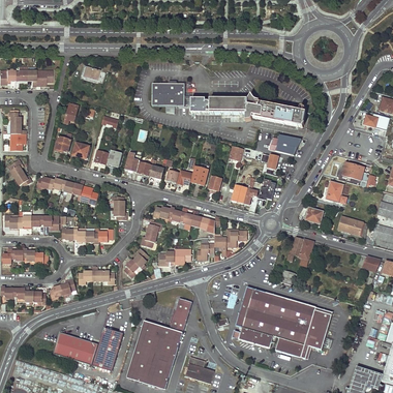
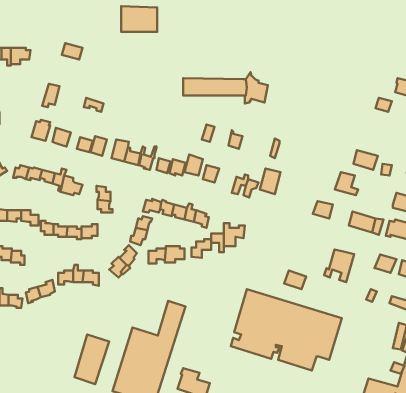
building: [151,82,183,104] -> [121,6,157,32]
building: [262,103,304,126] -> none
building: [269,133,300,154] -> none
building: [285,236,312,265] -> [324,250,354,282]
building: [53,331,97,364] -> none

